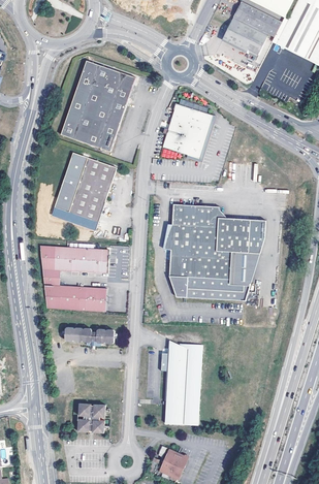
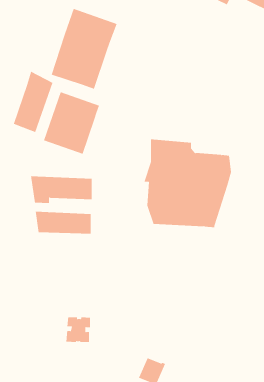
building: [161,104,211,159] -> none
building: none -> [13,71,53,133]
building: [65,326,116,347] -> none
building: [164,342,202,426] -> none

